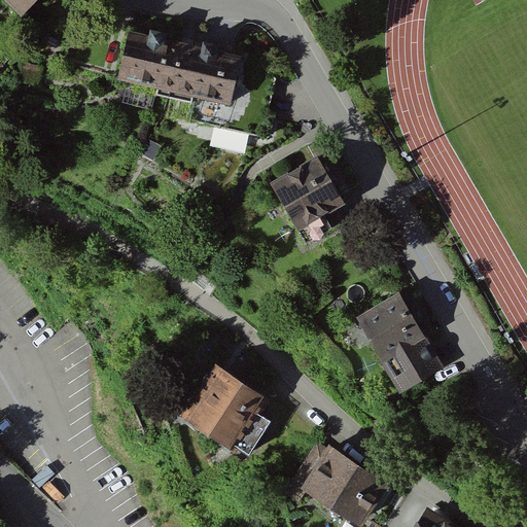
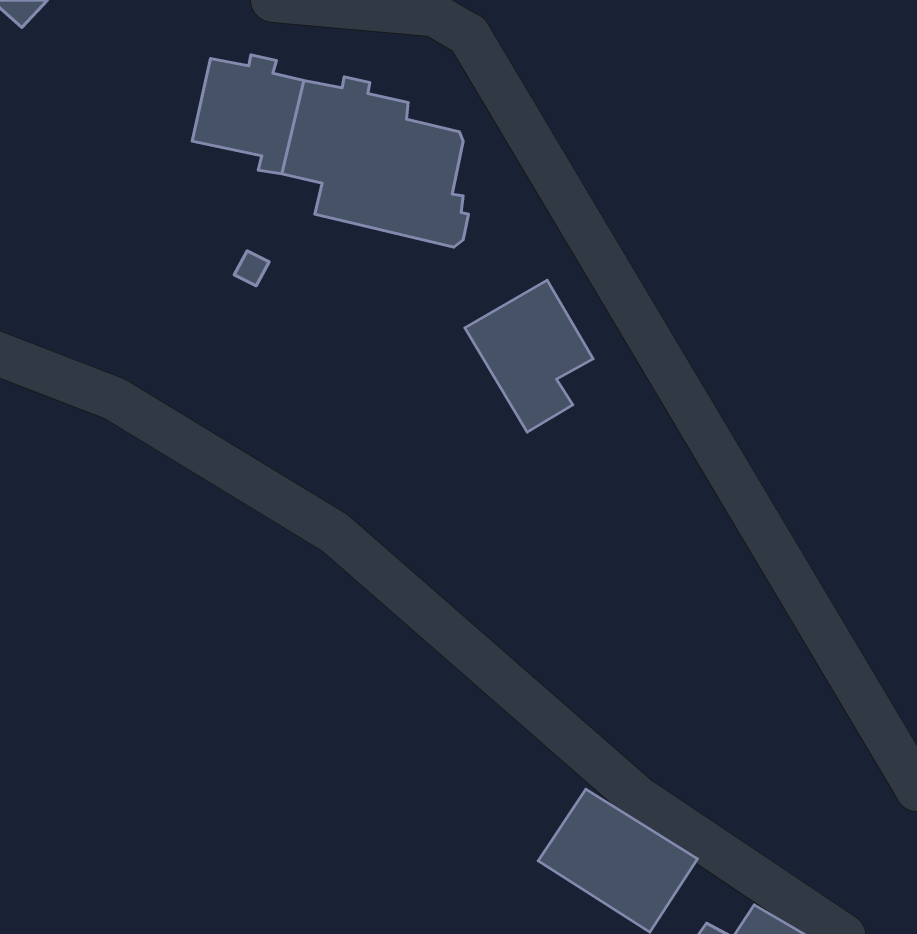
building: [357,293,443,391] -> none
building: [186,364,271,447] -> none

